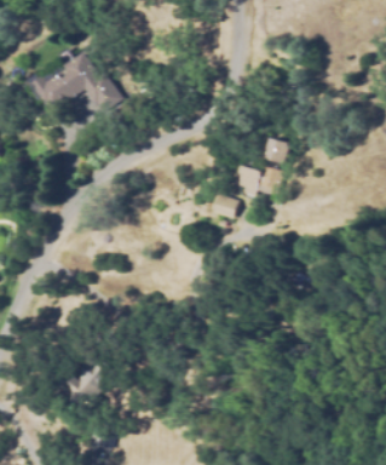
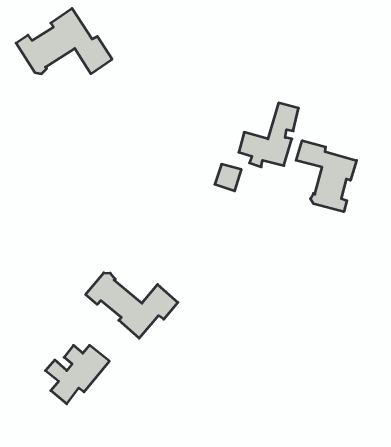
building: none -> [296,141,357,212]
building: none -> [86,273,178,338]

